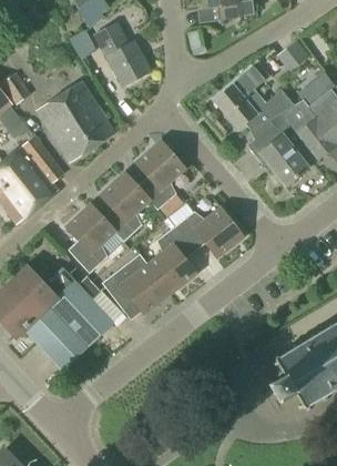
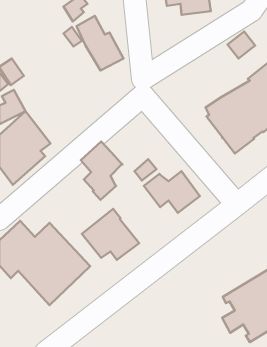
building: [213,65,268,129] -> none
building: [37,80,114,161] -> none
building: [135,139,185,209] -> none
building: [65,202,115,272] -> none
building: [146,224,195,293] -> none

